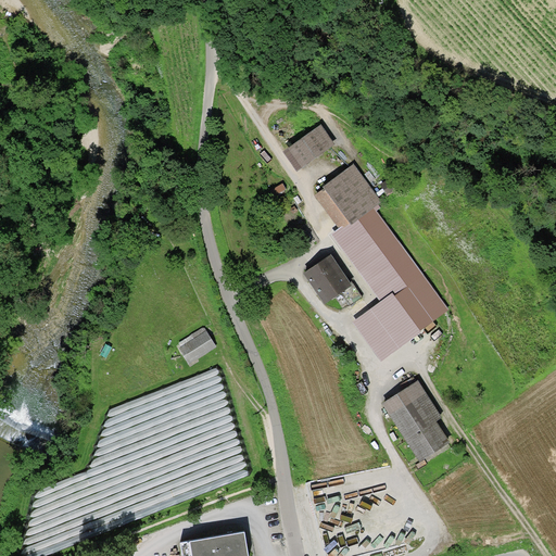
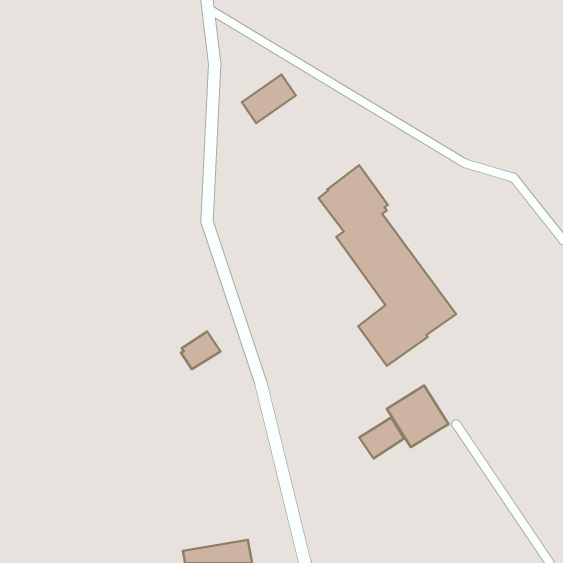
building: [282,124,336,172] -> [242,75,296,123]
building: [304,254,352,304] -> none
building: [405,421,450,462] -> [359,418,404,458]

